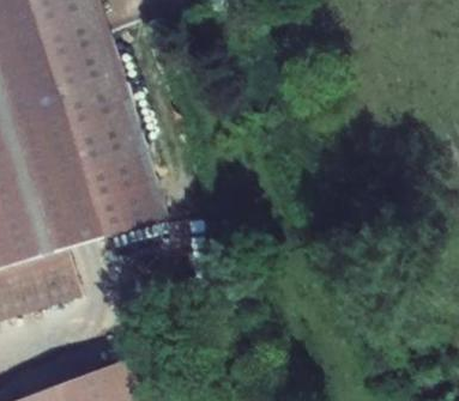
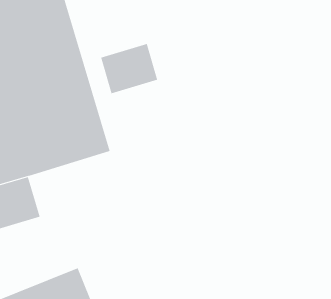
building: none -> [101,43,158,94]

